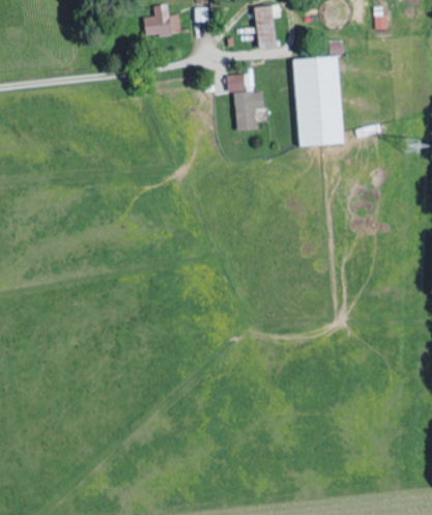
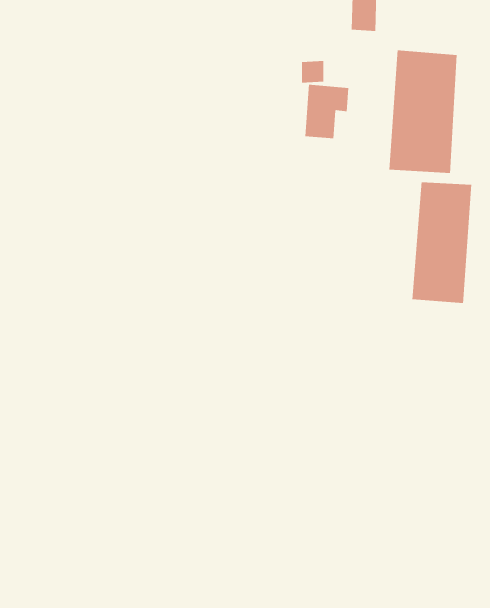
building: none -> [412,182,472,304]

